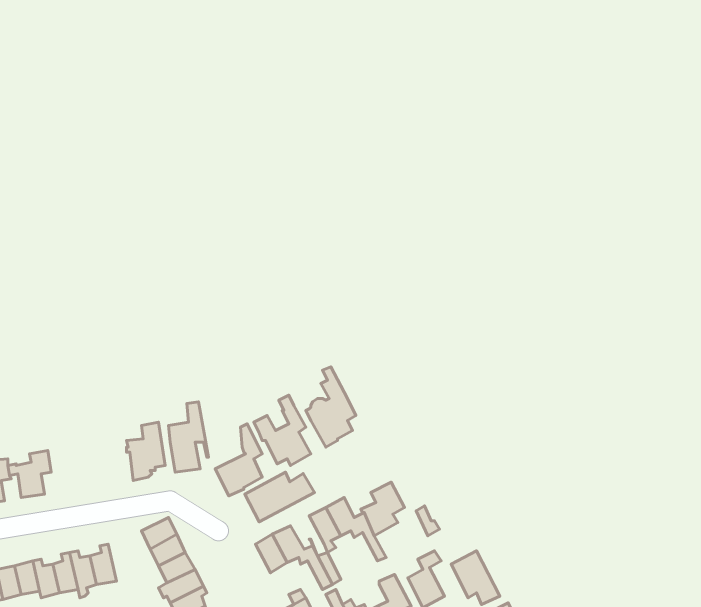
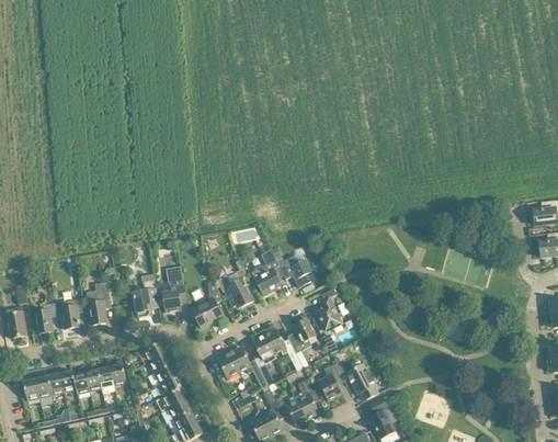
building: none -> [278,254,311,286]
building: none -> [88,281,112,324]
building: none -> [317,287,342,330]
building: [245,472,315,522] -> none

